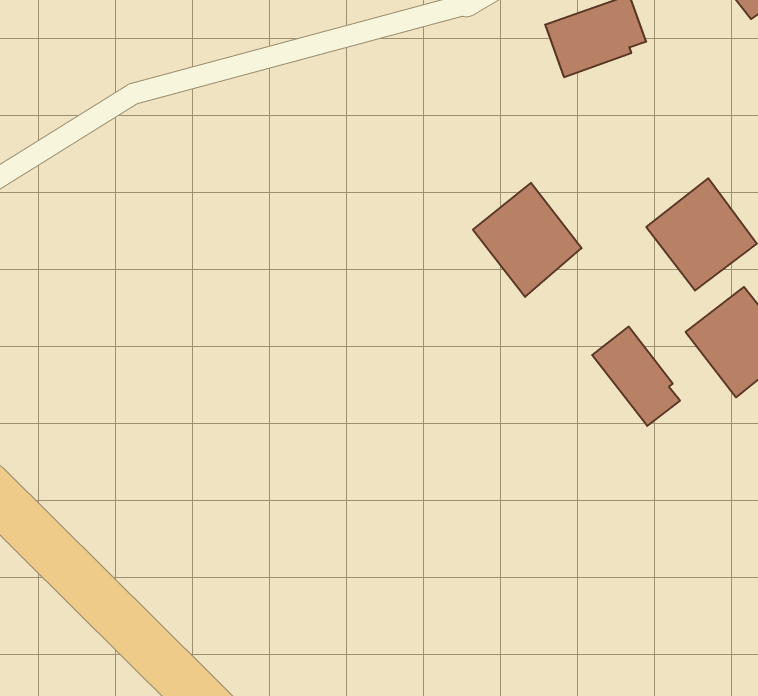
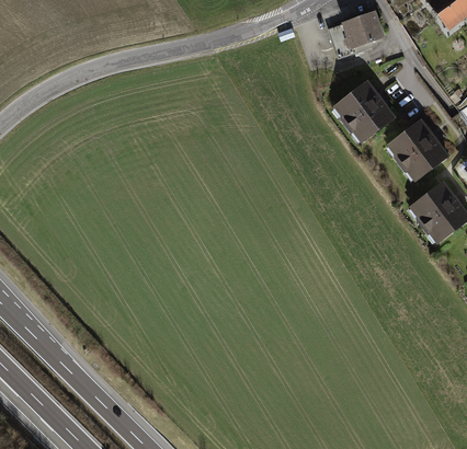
building: [473,183,582,297] -> [332,79,396,146]
building: [592,327,680,426] -> none

